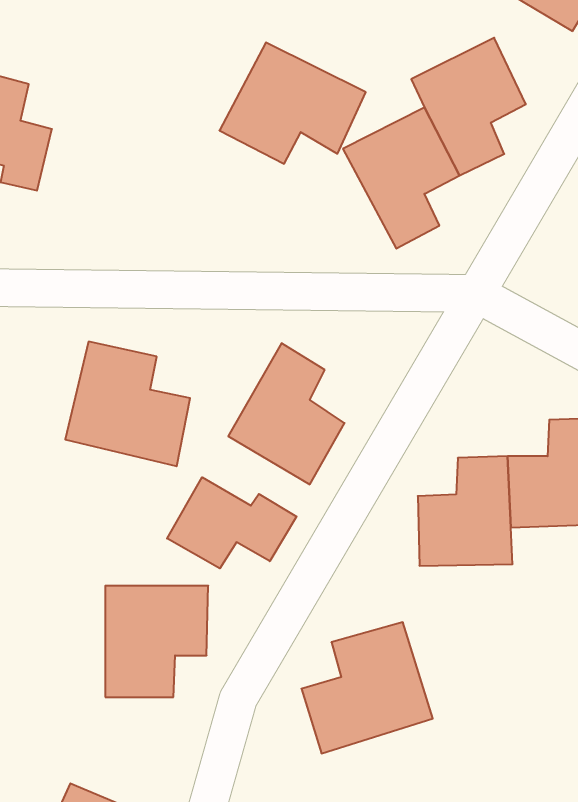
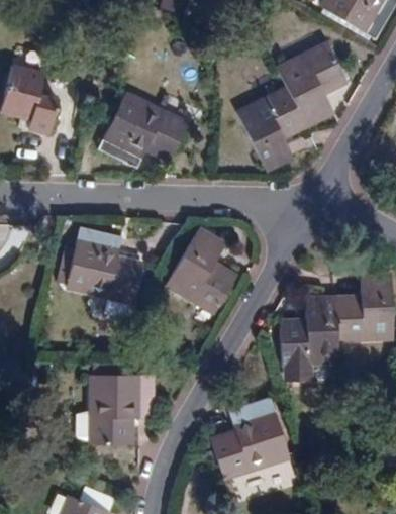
building: [219,42,366,164] -> [98,94,187,168]
building: [167,477,297,568] -> none

